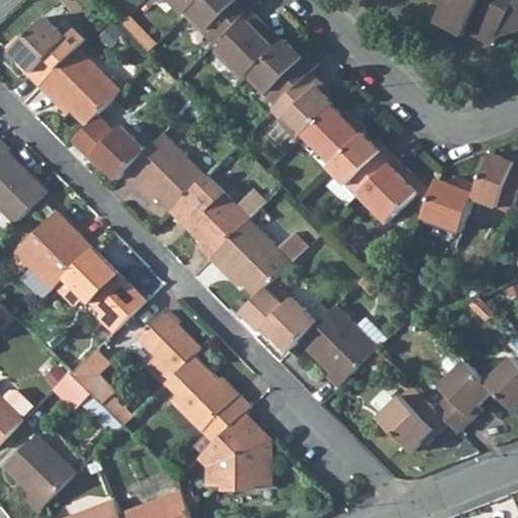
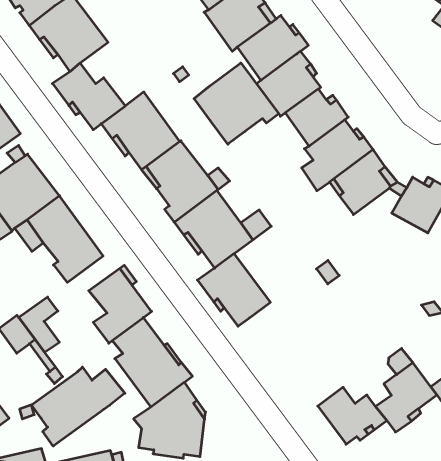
building: none -> [194,63,279,144]
building: [296,304,384,386] -> none
building: none -> [32,367,125,446]

